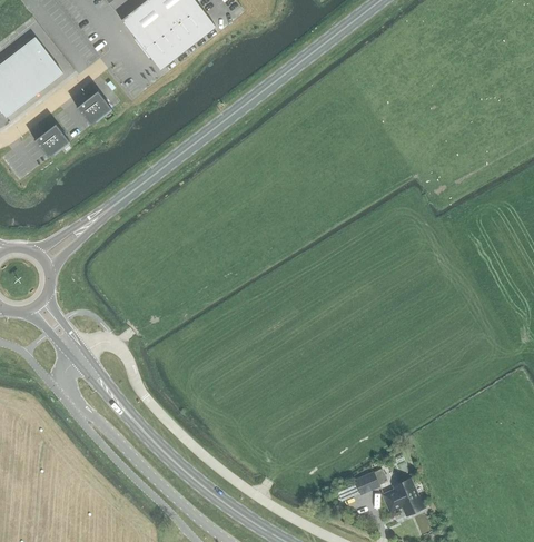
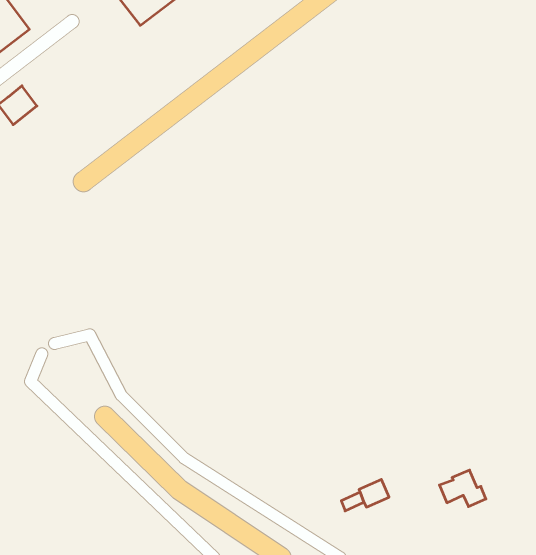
building: [77,91,111,126] -> none
building: [384,482,425,514] -> [439,470,486,507]

